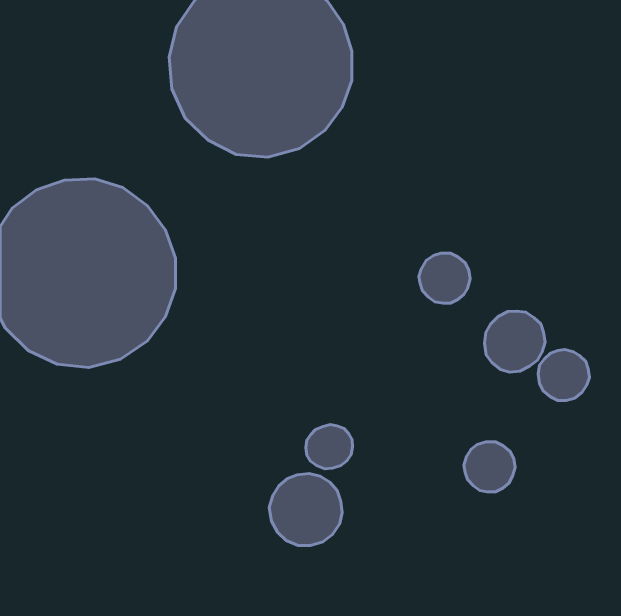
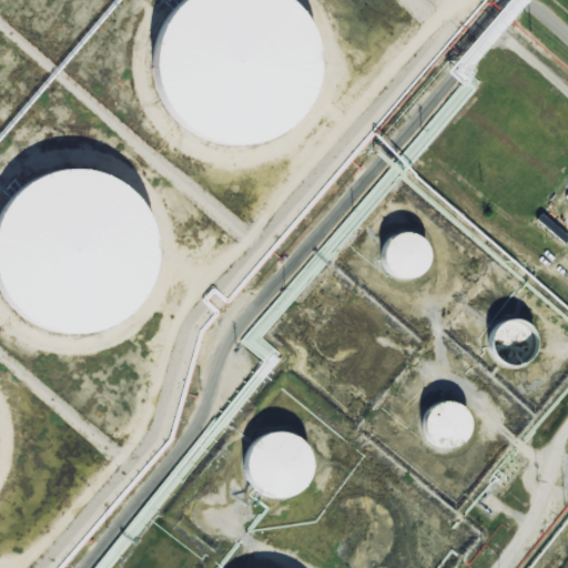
building: [484,311,545,372] -> none
building: [306,425,352,469] -> none

